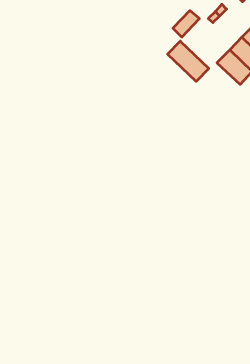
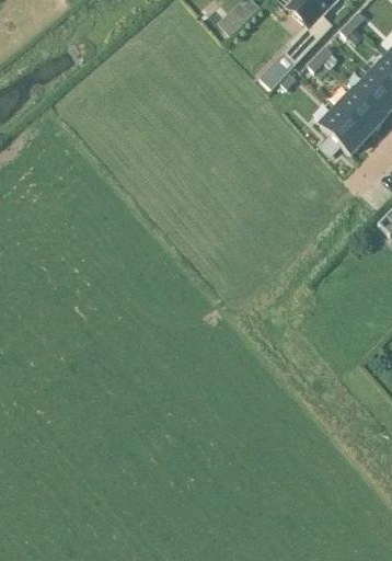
building: [168,41,209,81] -> none

